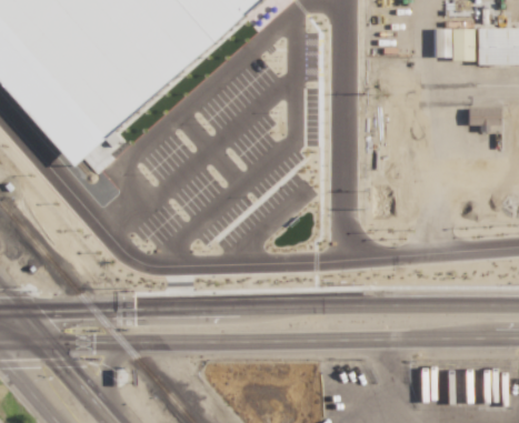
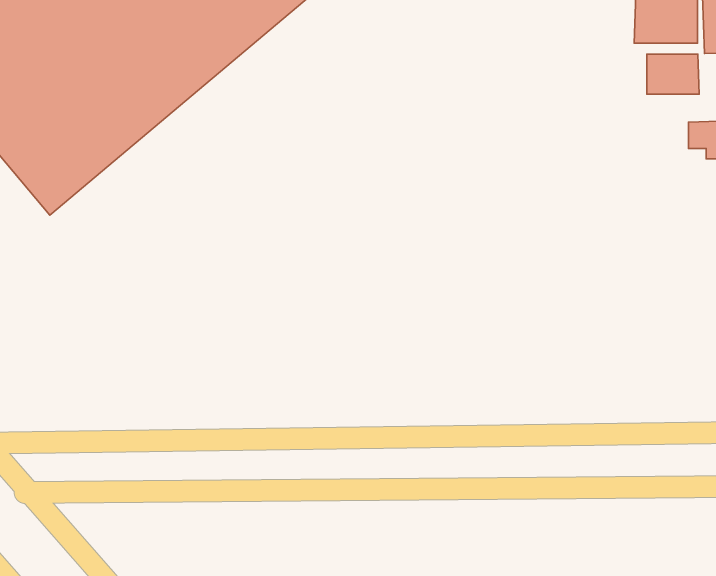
building: none -> [647,54,699,94]

